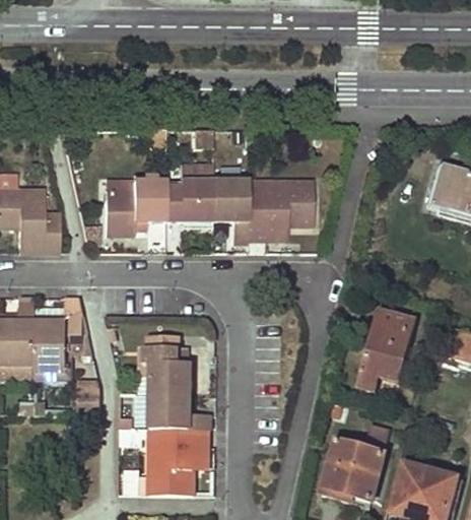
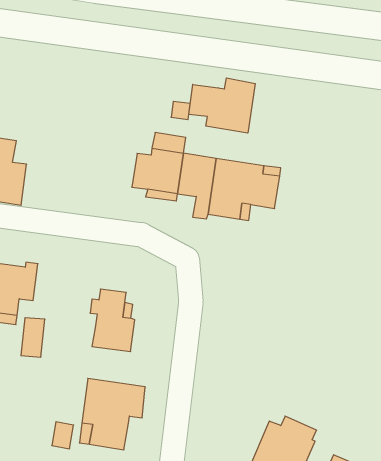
building: none -> [189,78,255,133]
building: [109,178,167,234] -> none
building: [356,307,416,390] -> none
building: [147,386,207,419] -> none

